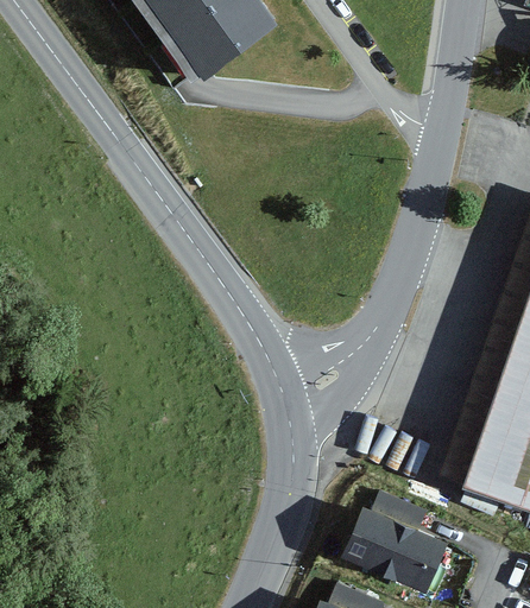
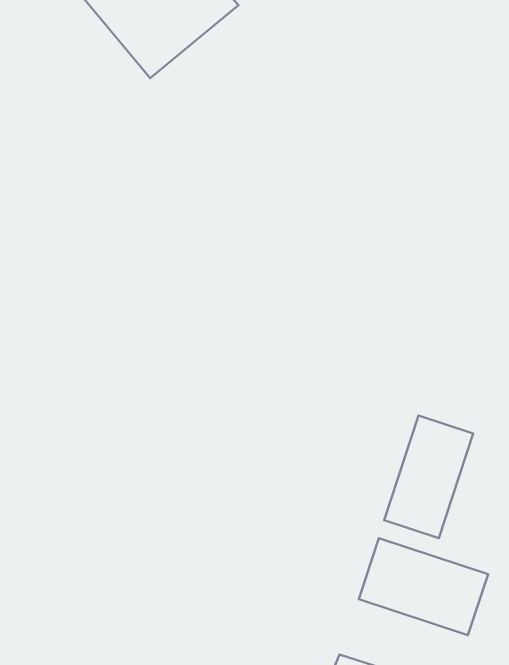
building: none -> [384,416,473,538]

